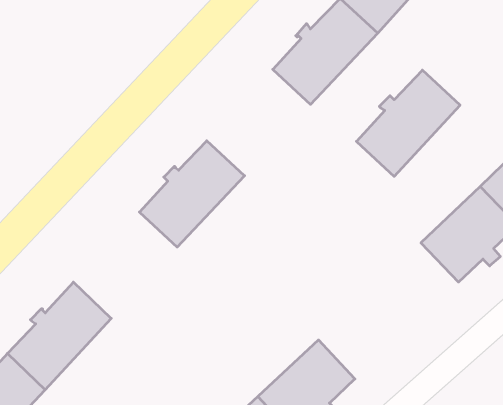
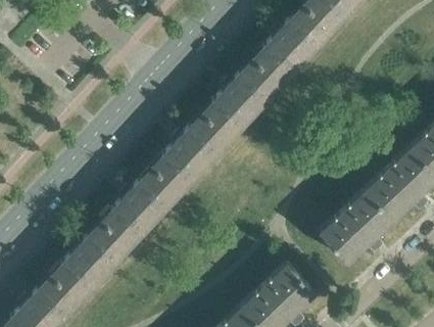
building: [356,70,460,176] -> [202,57,281,138]
building: none -> [101,166,180,246]
building: none -> [320,189,393,262]

